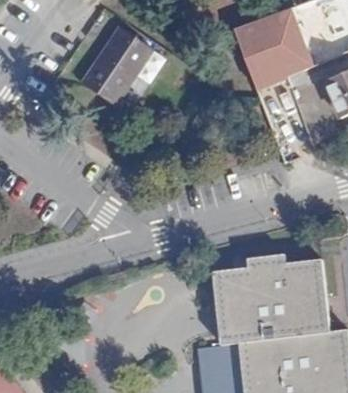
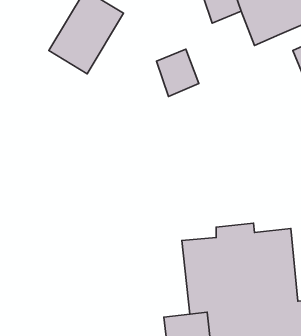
building: [244,44,286,91] -> [156,49,199,97]

